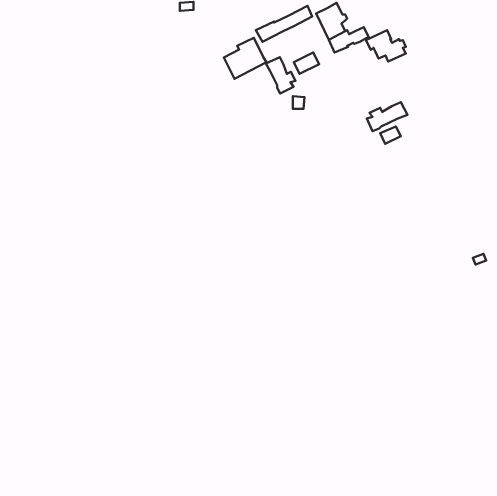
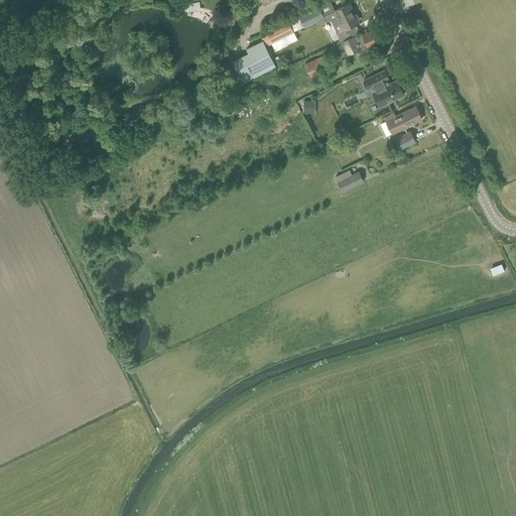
building: [366,30,406,61] -> [363,71,404,103]
building: [266,57,296,93] -> none
building: none -> [336,170,364,192]

